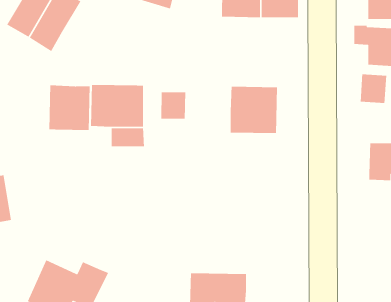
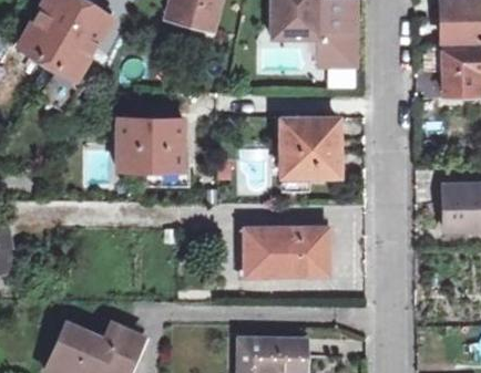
building: none -> [318,37,362,73]
building: [360,74,387,104] -> none
building: [49,84,90,131] -> none
building: [160,91,186,119] -> none
building: none -> [244,228,332,281]

